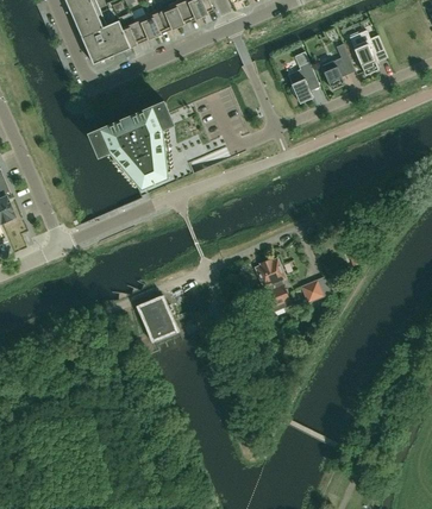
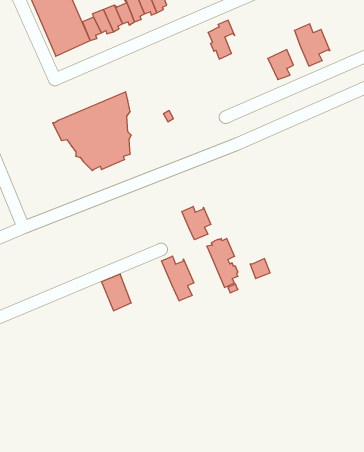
building: [287,62,315,103] -> [208,20,235,59]
building: none -> [182,206,211,240]
building: none -> [162,256,194,301]

